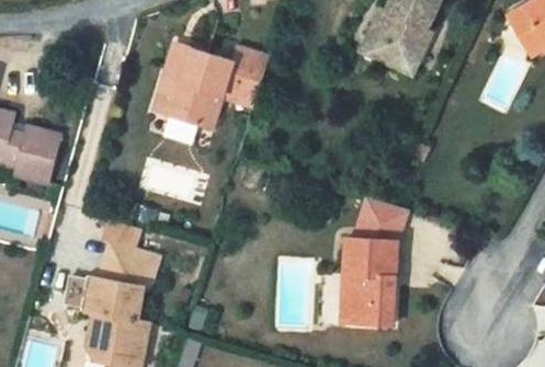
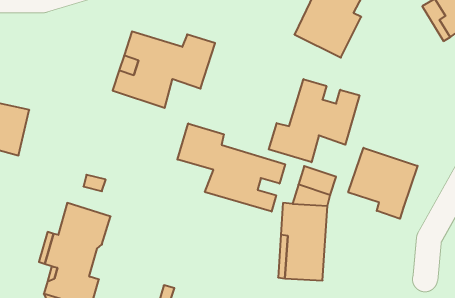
building: none -> [269,79,359,162]
building: none -> [177,123,285,212]
building: none -> [348,148,418,219]

